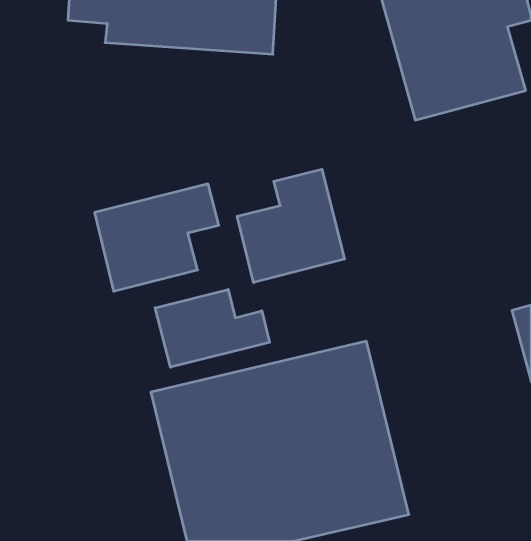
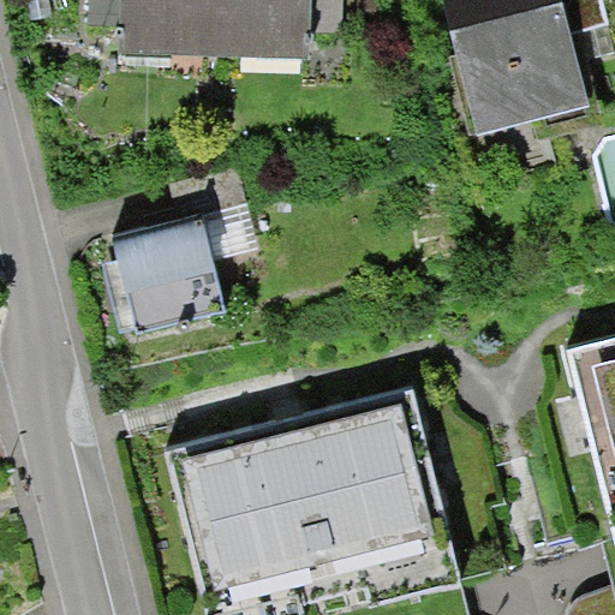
building: [237,169,345,283] -> none
building: [155,289,270,367] -> none

